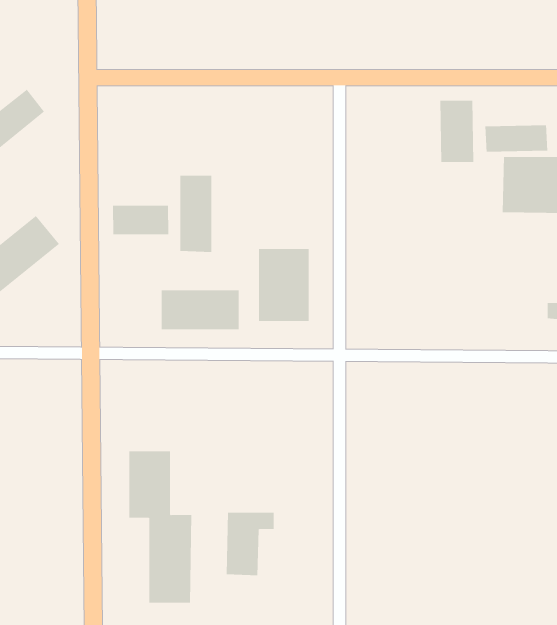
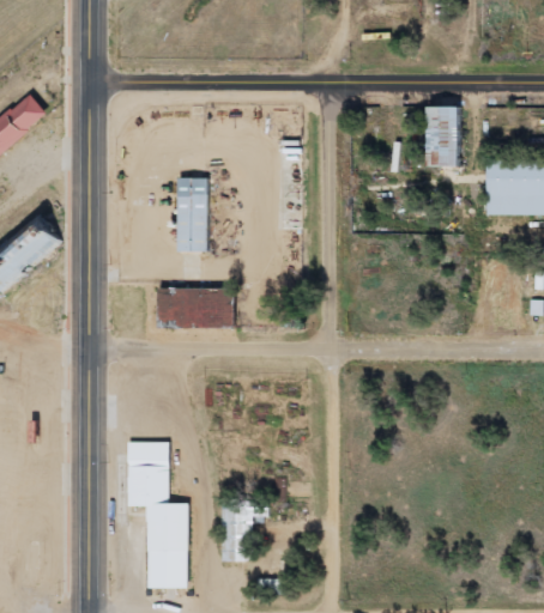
building: [485,124,548,153] -> none
building: [112,205,169,235] -> none
building: [259,248,309,322] -> none

